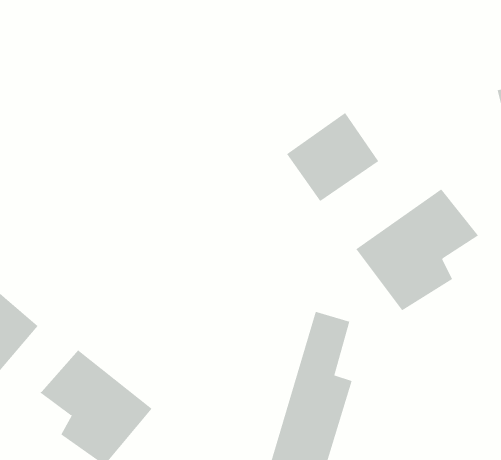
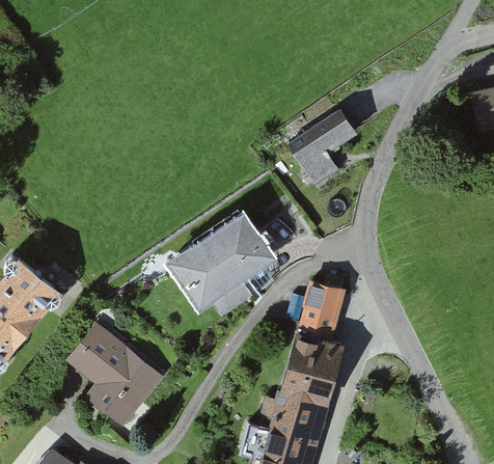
building: [356,188,479,311] -> none
building: none -> [169,218,275,320]

